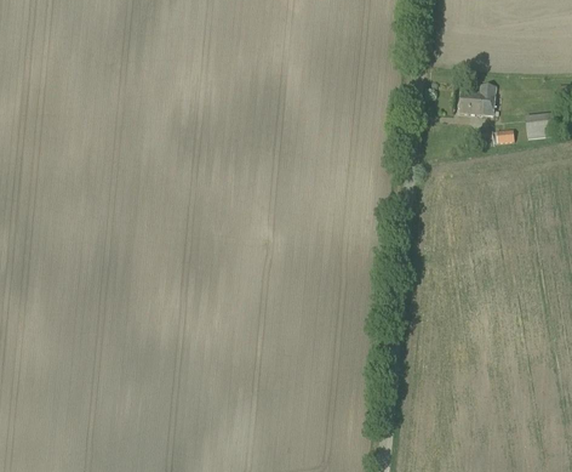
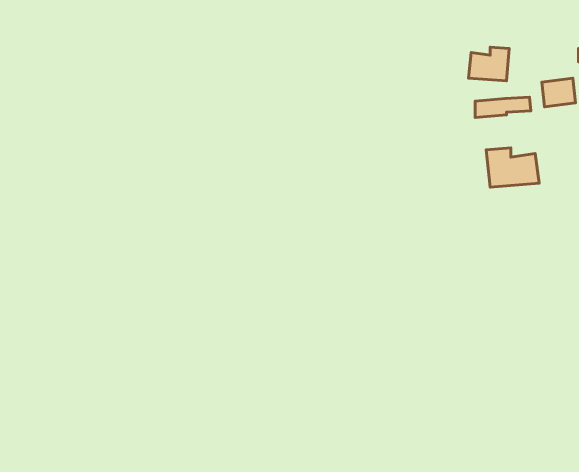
building: none -> [486,148,539,187]

